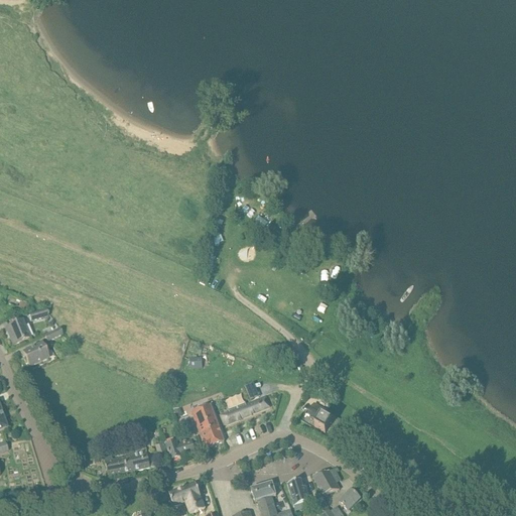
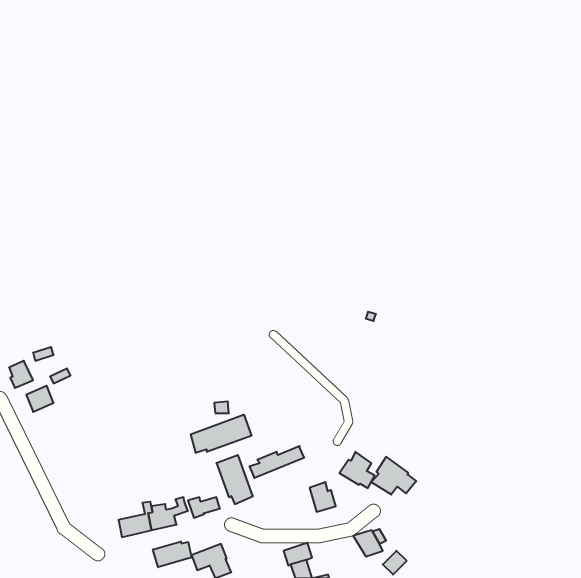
building: none -> [191,415,251,453]
building: none -> [371,457,416,495]
building: [288,478,311,504] -> [310,482,336,512]
building: none -> [153,541,192,567]

